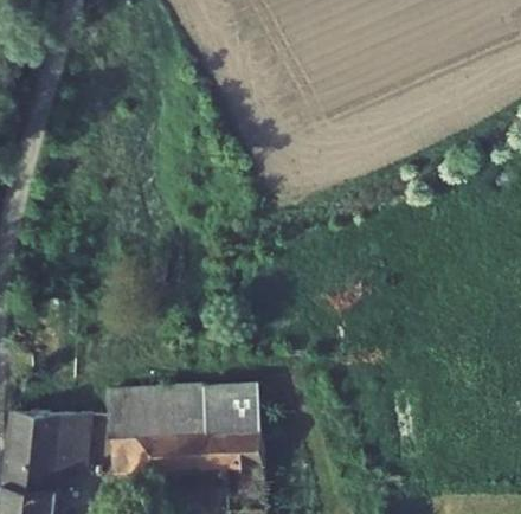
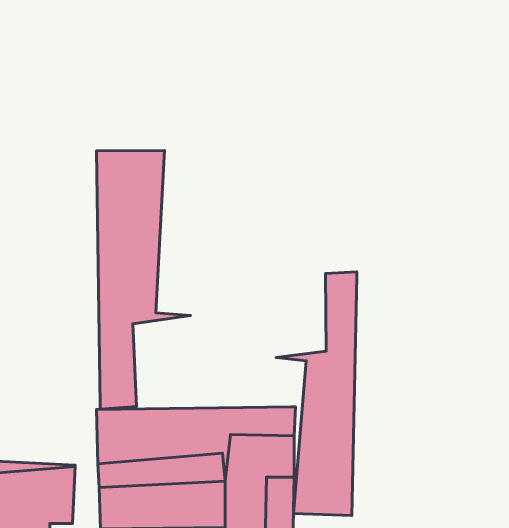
building: none -> [97,151,191,409]
building: none -> [276,272,357,515]

